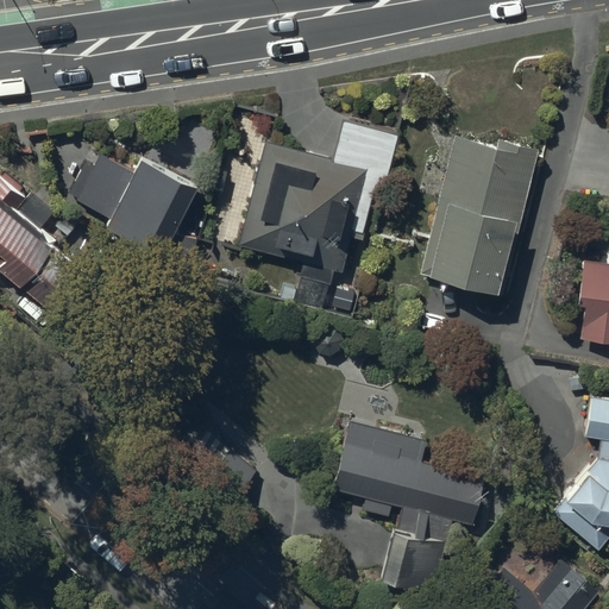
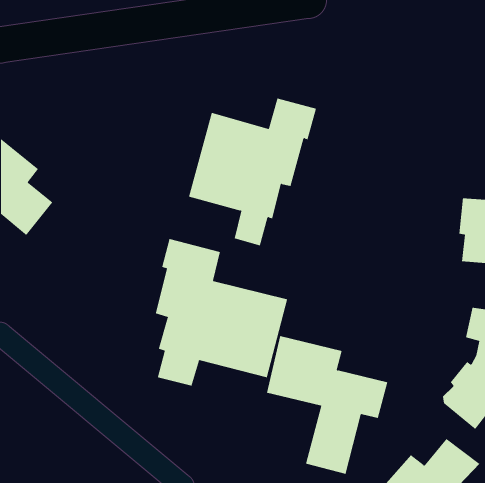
building: [421,139,538,293] -> none
building: [69,155,200,258] -> none
building: none -> [155,238,288,386]

